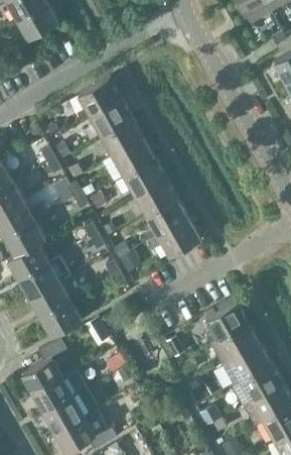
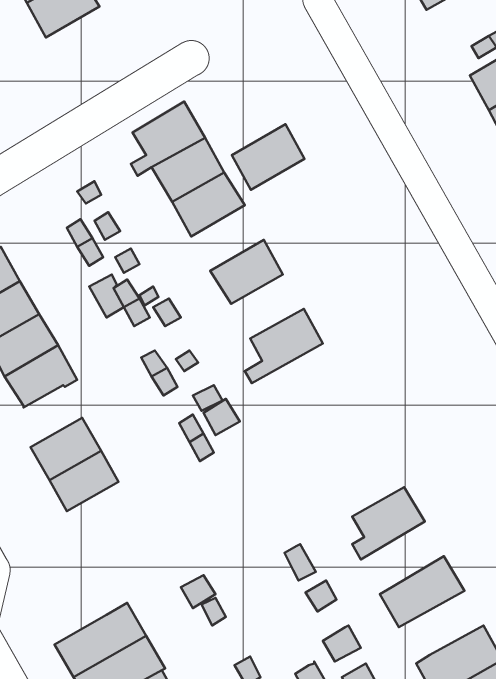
building: [112,138,154,177] -> [232,124,305,190]
building: [135,179,177,216] -> none
building: [147,219,200,257] -> none
building: [7,243,48,279] -> none
building: [39,300,82,337] -> none
building: [210,323,259,365] -> none
building: [21,339,66,394] -> none
building: [231,363,282,406] -> none

